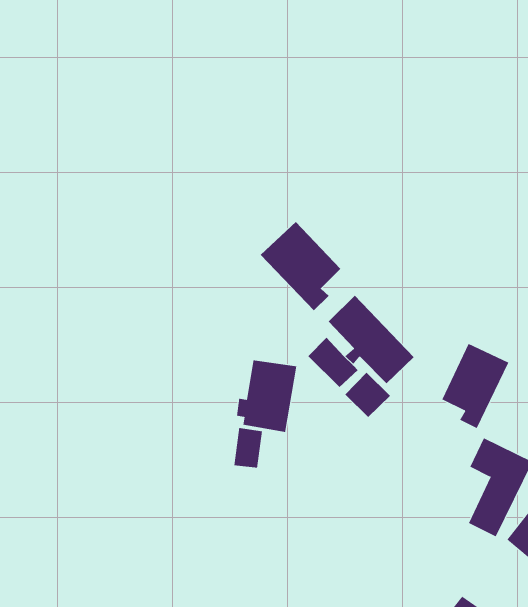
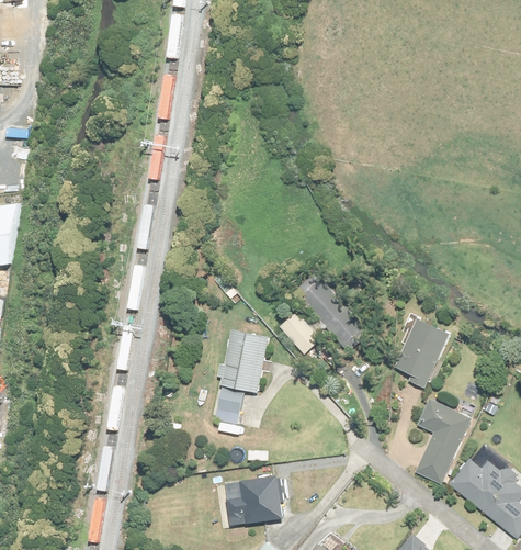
building: [260,221,341,311] -> none
building: [345,372,391,418] -> none
building: none -> [224,476,288,526]

